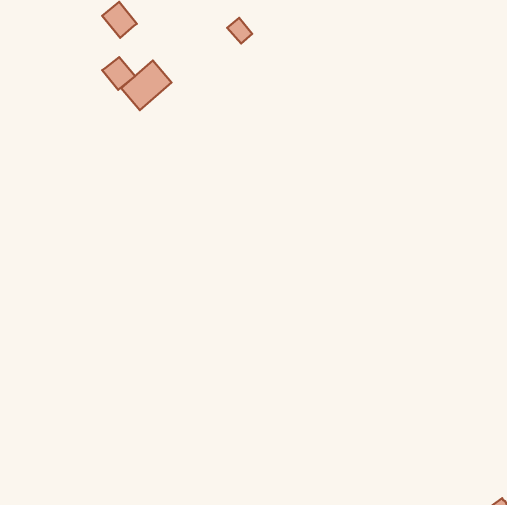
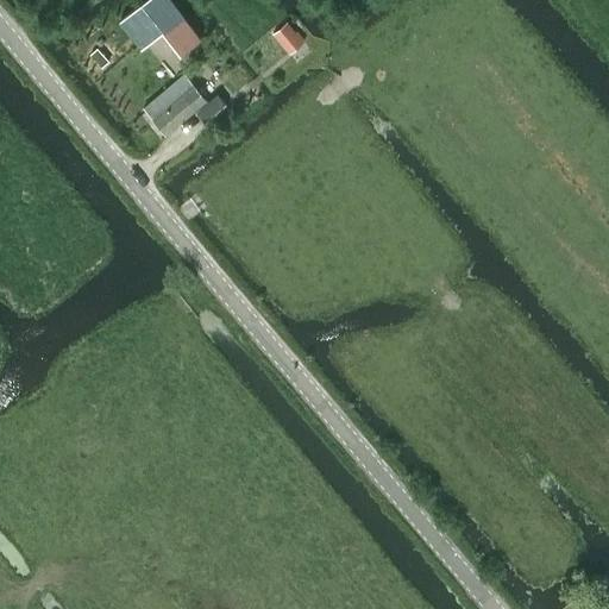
building: [102,57,135,90] -> [161,18,200,57]

